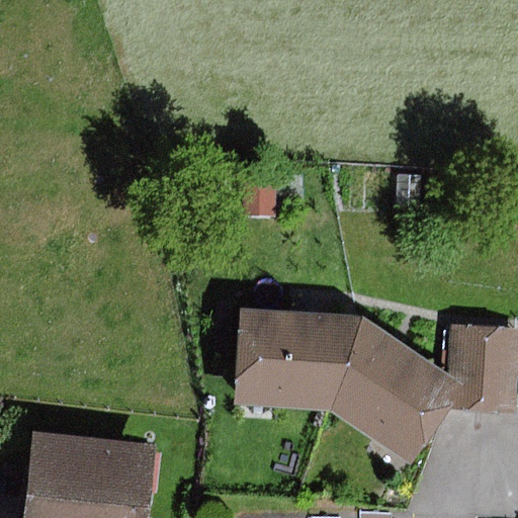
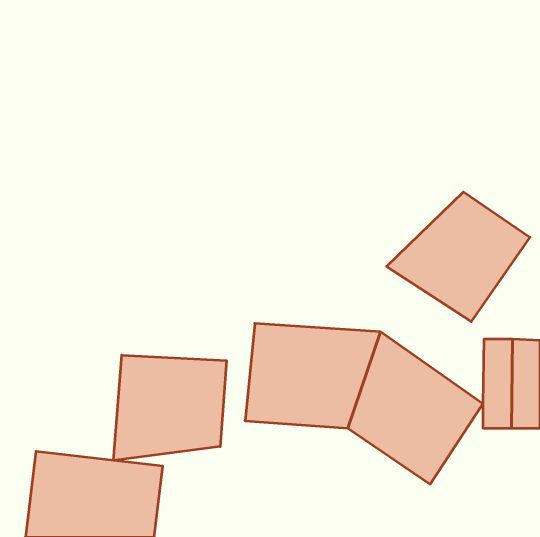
building: none -> [387,192,530,322]
building: none -> [114,355,226,460]

